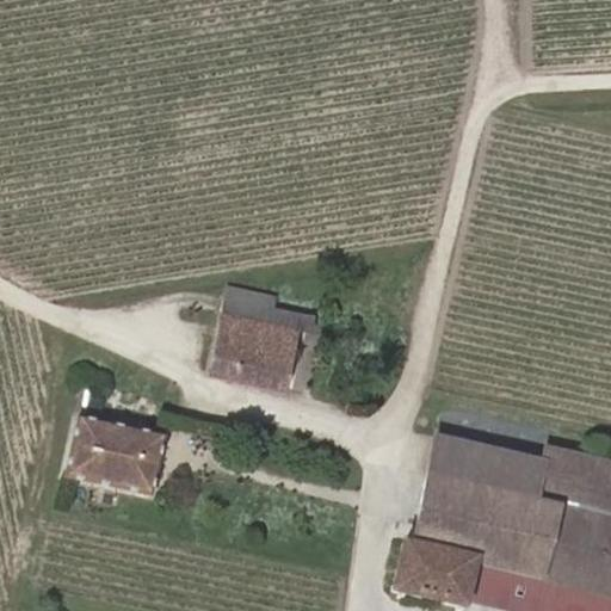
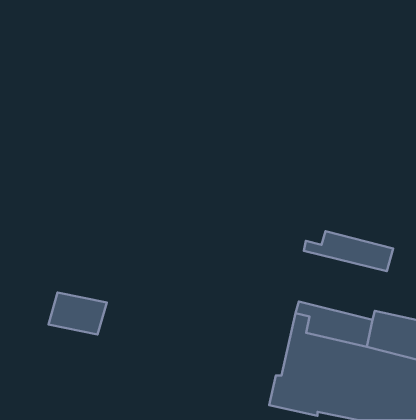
building: [218,298,313,381] -> none
building: none -> [304,231,393,271]

